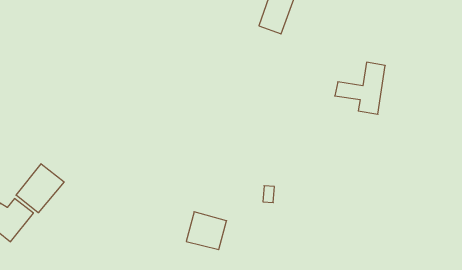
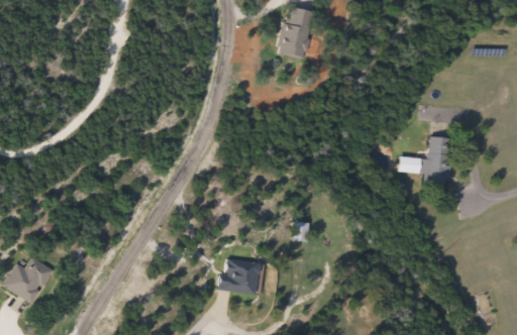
building: [335,62,385,114] -> [399,133,450,188]
building: [16,164,64,213] -> none

